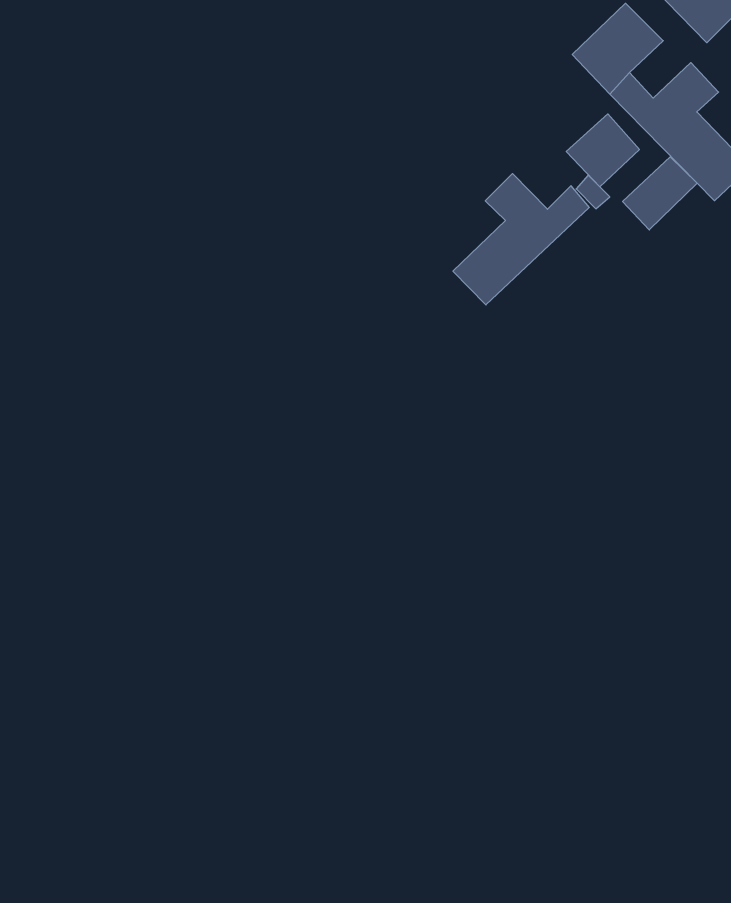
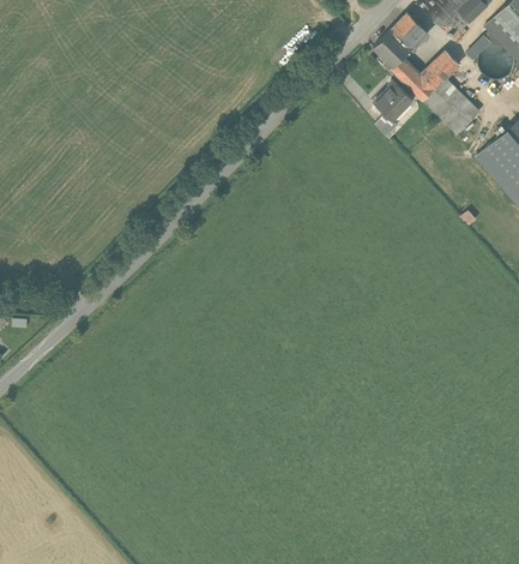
building: [623,157,697,230] -> none
building: [453,174,589,305] -> none

